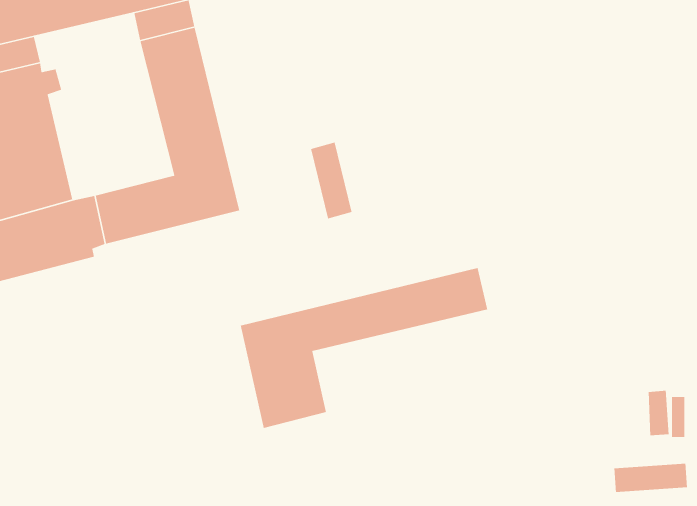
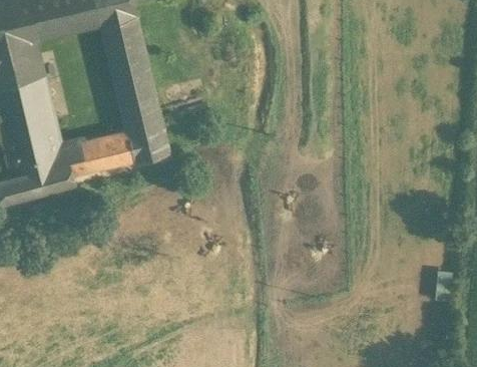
building: [310,142,352,219] -> none
building: [240,267,488,429] -> none
building: [613,463,688,493] -> none

